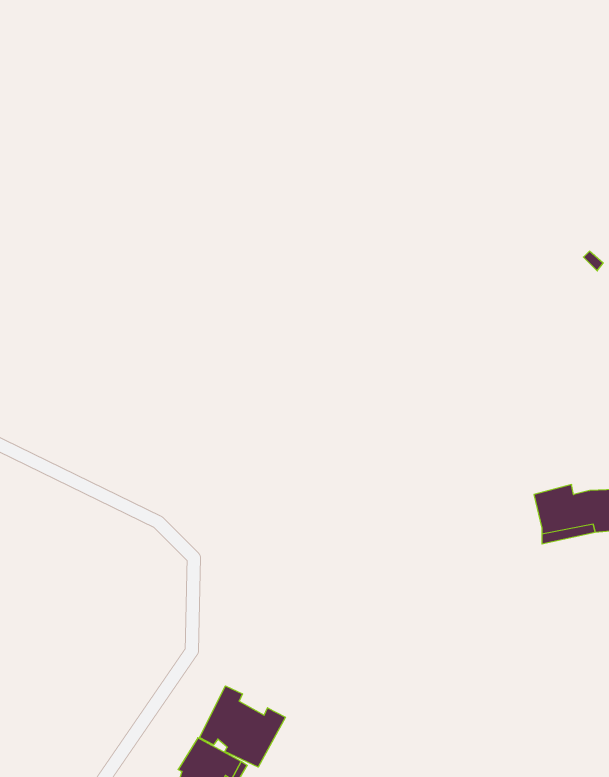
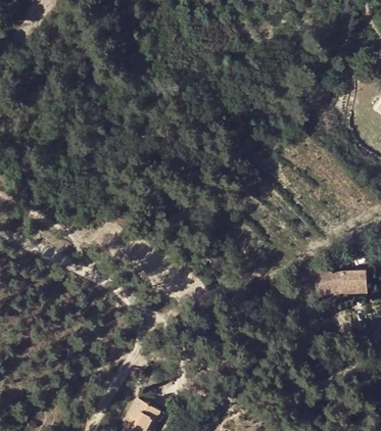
building: [199,686,285,767] -> none

